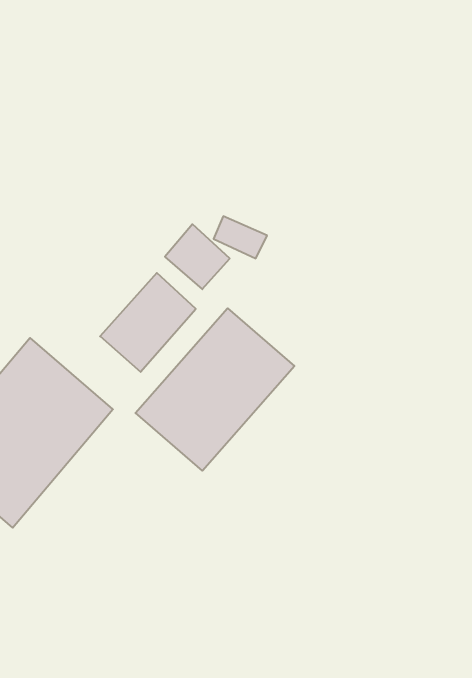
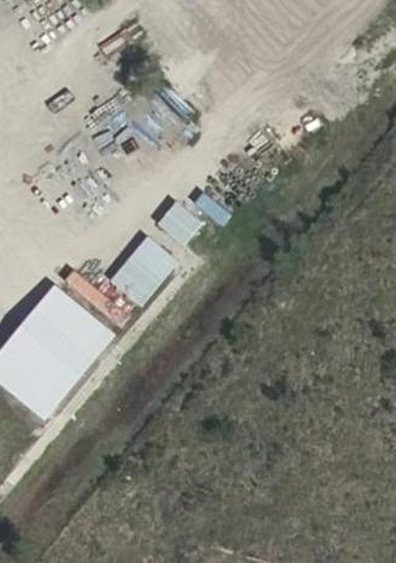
building: [135,308,294,471] -> none

